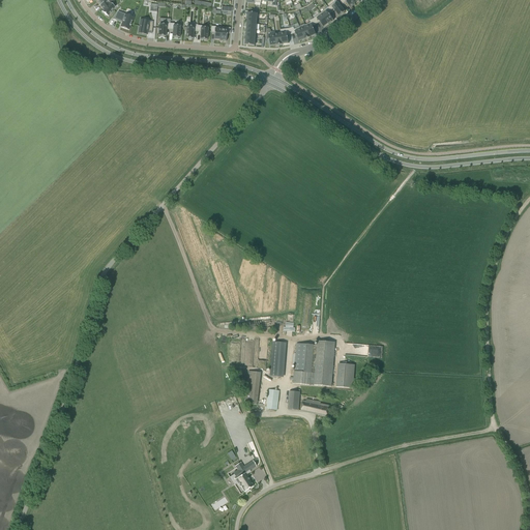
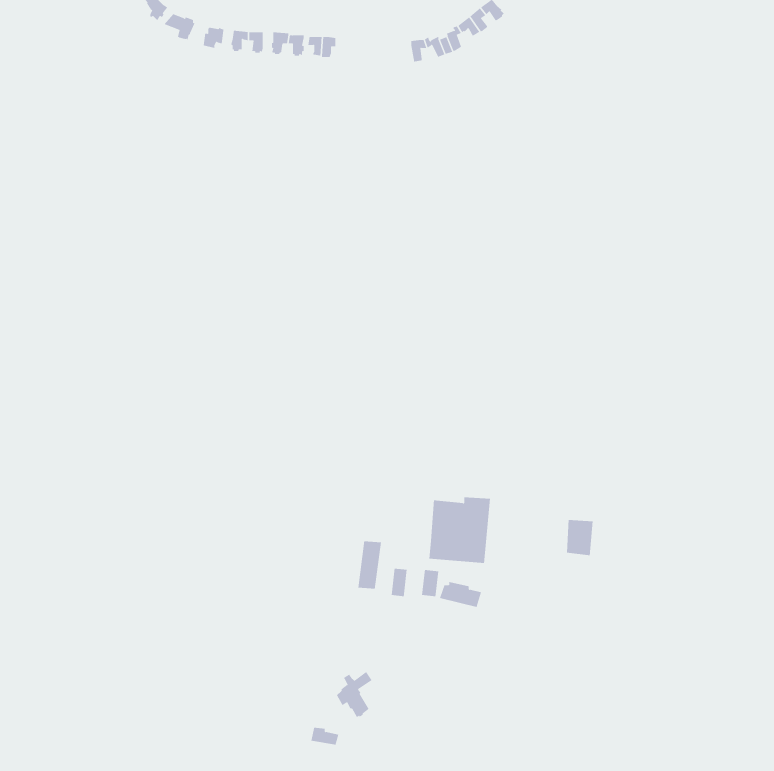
building: [270,340,287,376] -> none
building: [336,362,355,387] -> [566,520,594,556]

